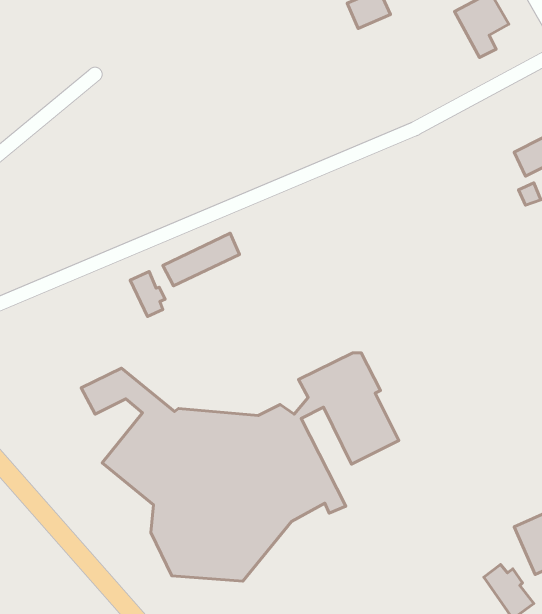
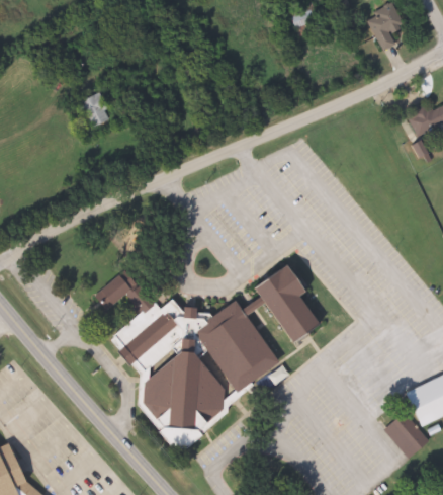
building: none -> [78,92,111,129]
building: [163,233,240,286] -> none
building: [130,271,165,316] -> none

